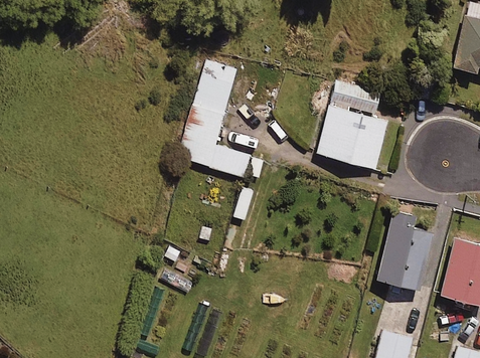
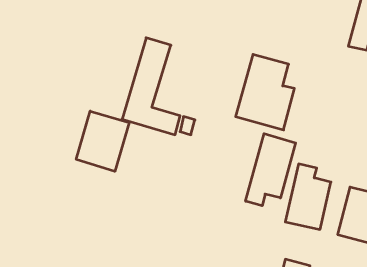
building: none -> [76,111,129,171]
building: none -> [246,134,296,206]

